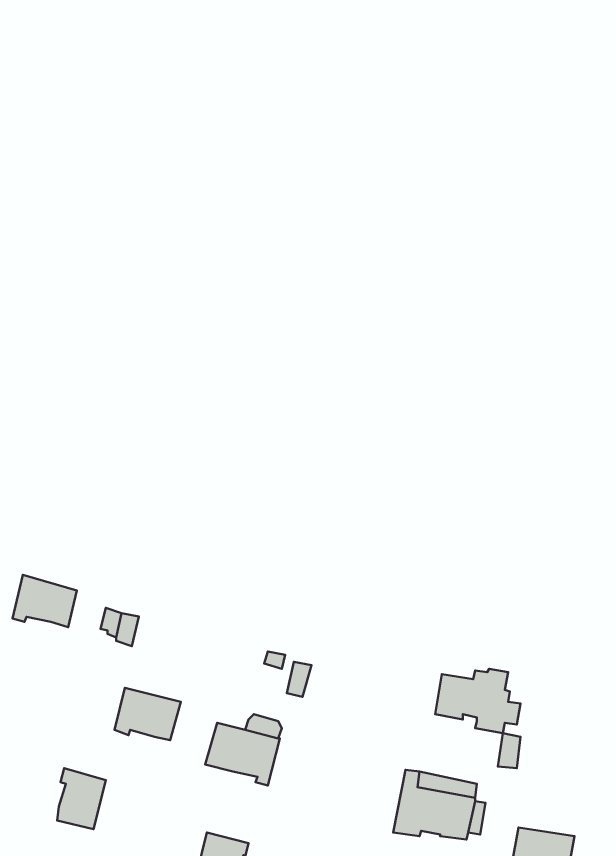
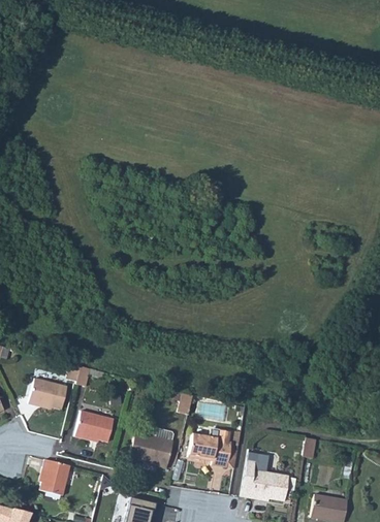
building: [12,575,77,627] -> [29,378,67,409]
building: [435,669,520,733] -> [188,430,239,468]

